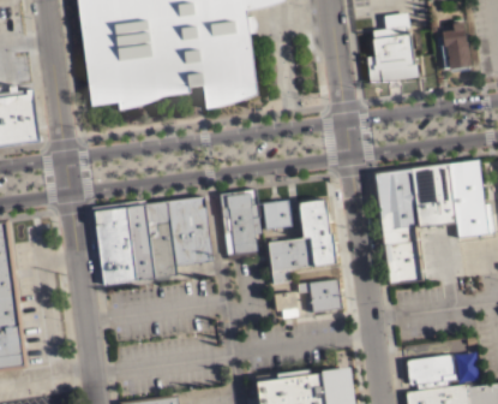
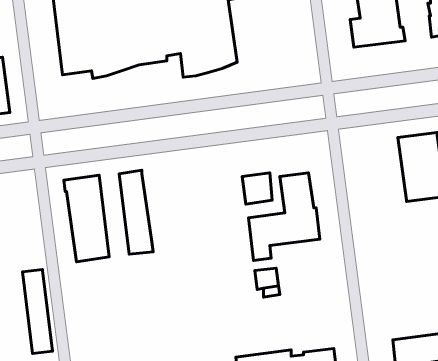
building: [372,166,422,285] -> none
building: [220,185,262,256] -> none
building: [167,195,214,266] -> none
building: [126,200,155,280] -> [22,269,53,354]
building: [298,279,343,313] -> none

